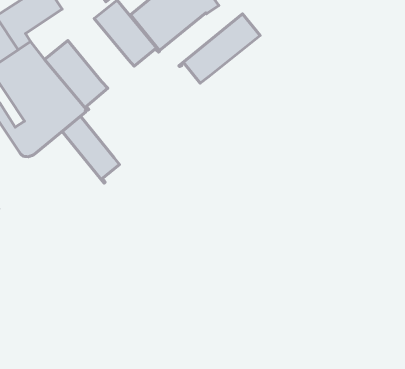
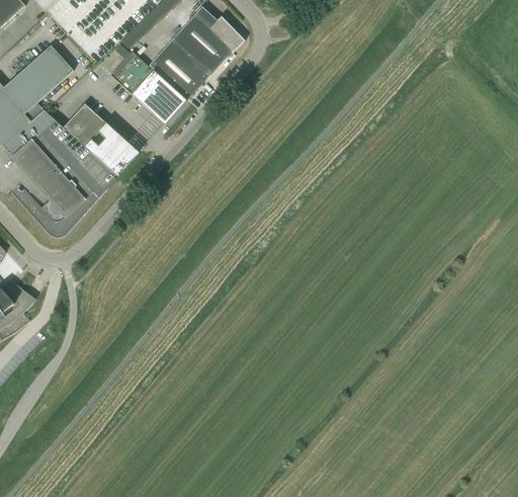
building: [179,14,260,83] -> none
building: [62,116,119,183] -> none

